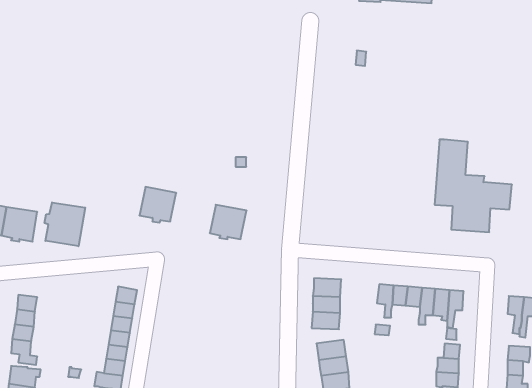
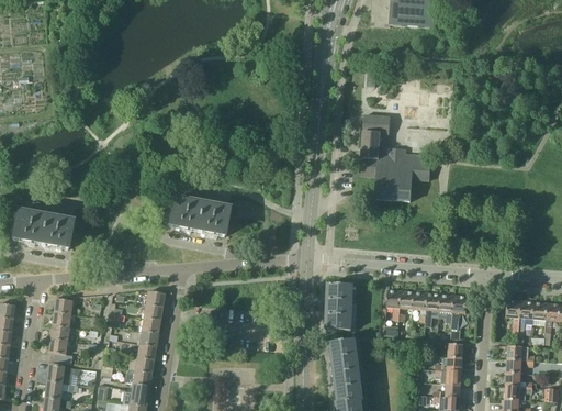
building: [435,140,512,232] -> [360,114,431,200]
building: [45,202,85,246] -> none
building: [210,205,247,239] -> [195,203,229,235]

